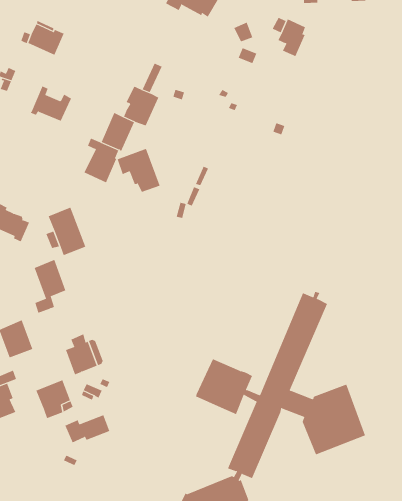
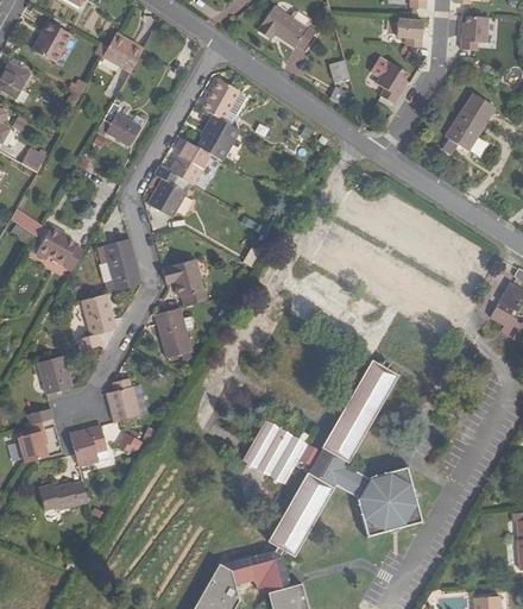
building: none -> [445,93,494,150]
building: none -> [202,79,238,119]
building: [117,148,160,192] -> [162,258,206,306]
building: none -> [155,307,191,359]
building: [65,414,110,443] -> [38,482,87,509]

